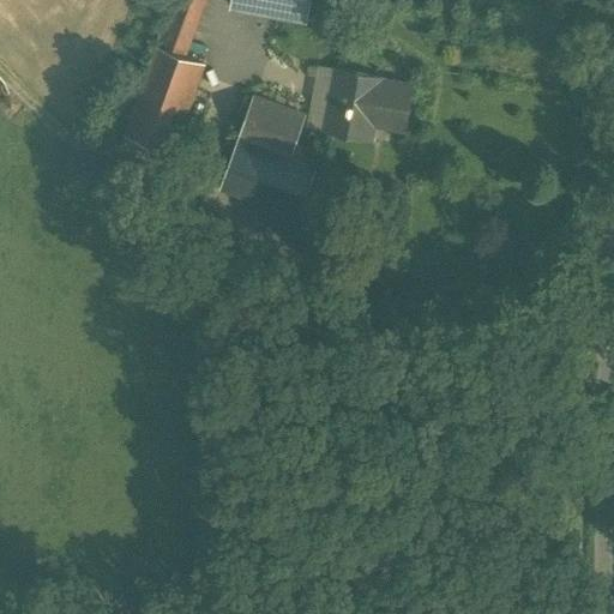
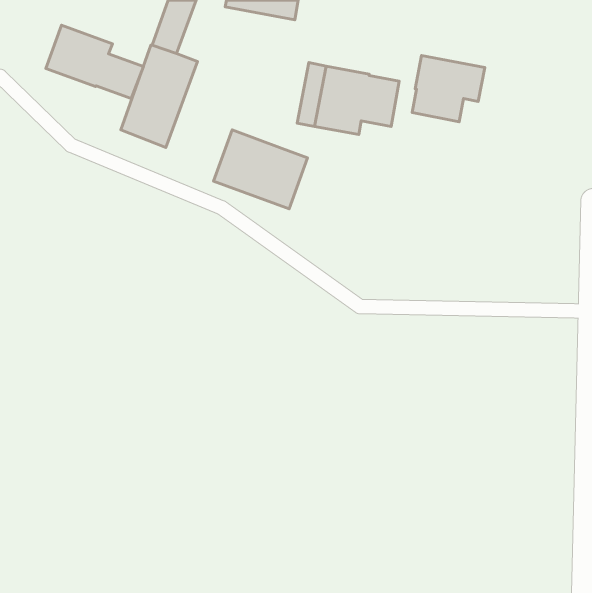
building: none -> [46,25,143,99]
building: none -> [412,56,485,122]
building: [241,95,307,154] -> none

